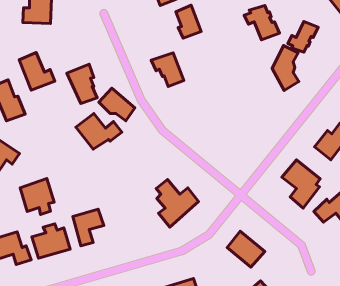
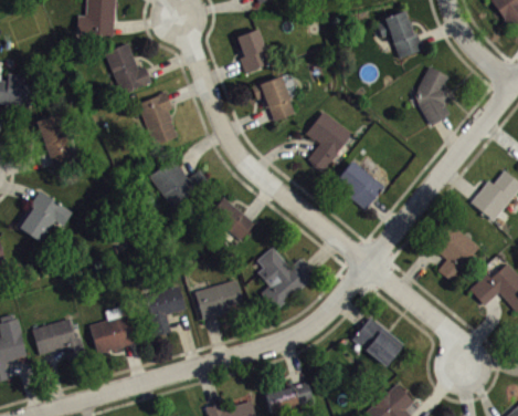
building: [176,5,201,38] -> [236,29,271,73]
building: [288,21,318,52] -> none
building: [19,52,55,90] -> [105,43,154,94]
building: none -> [305,112,352,173]
building: [99,88,135,121] -> [205,197,254,241]
building: none -> [334,162,383,210]
building: [20,179,54,214] -> none
building: none -> [195,280,245,320]

